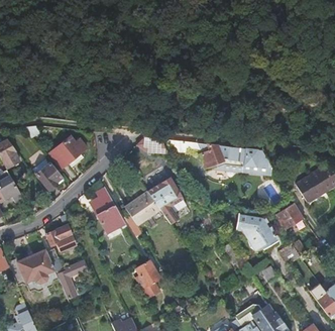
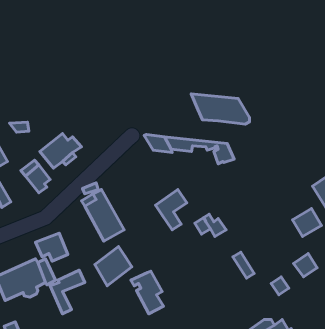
building: [218,145,270,173] -> [191,94,250,124]
building: [126,192,159,227] -> [95,247,132,286]
building: [235,215,276,250] -> none

